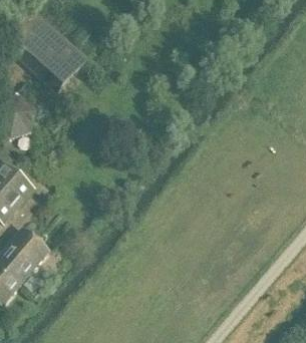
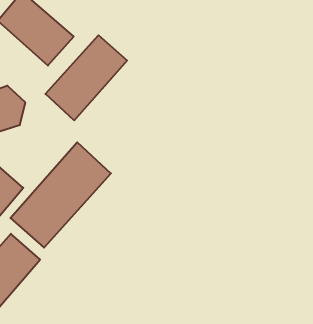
building: none -> [45,35,127,120]
building: none -> [10,142,111,248]

